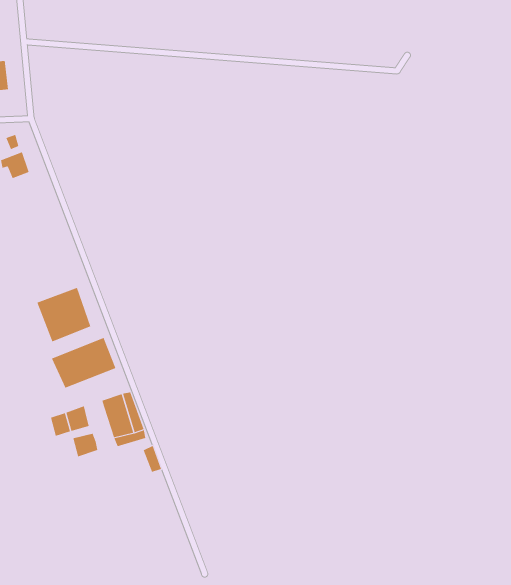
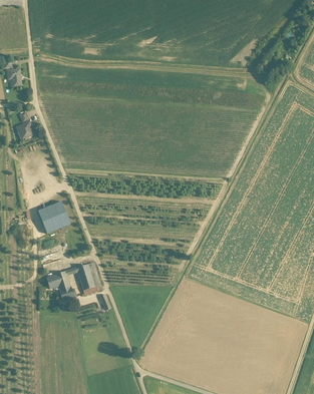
building: [51,337,116,388] -> none

